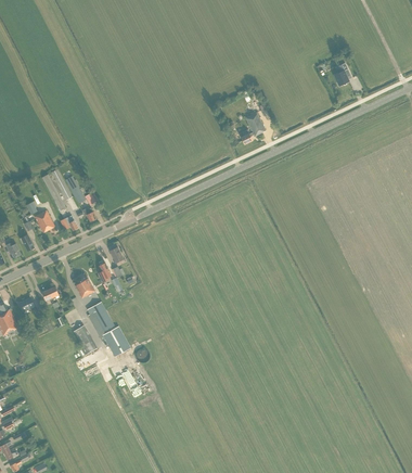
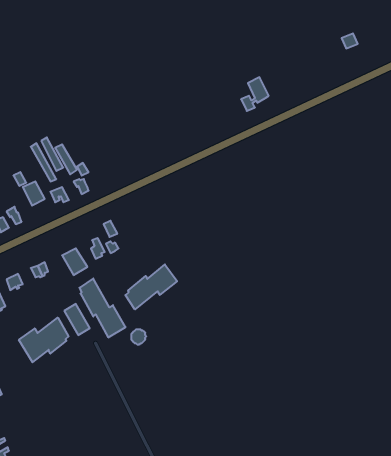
building: none -> [125,264,177,309]
building: none -> [19,318,69,362]

